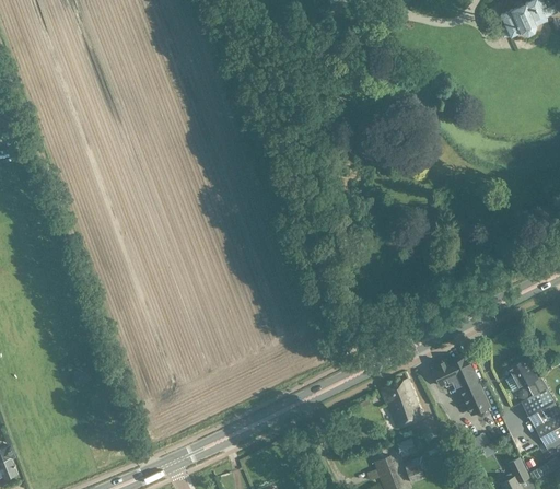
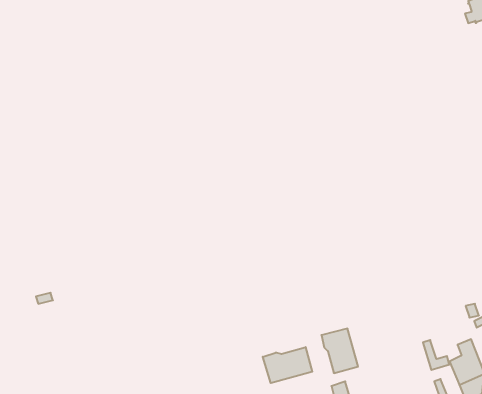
building: [433,354,489,415] -> none
building: [509,360,537,389] -> none
building: none -> [263,347,312,383]

